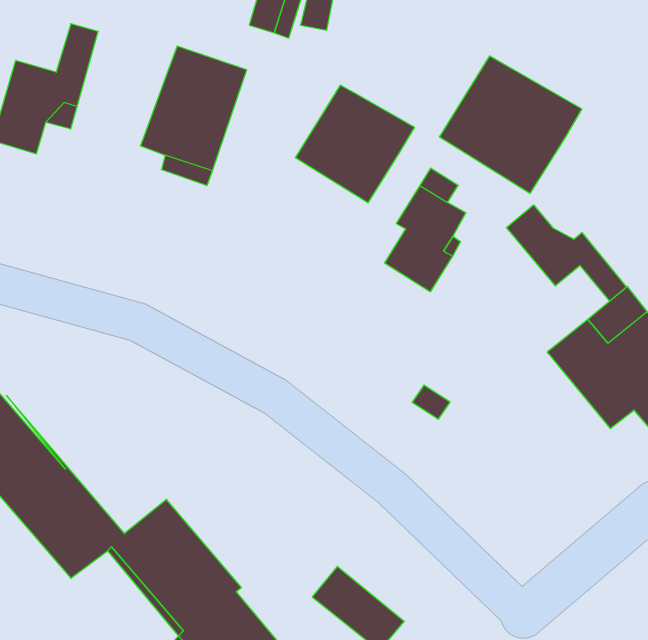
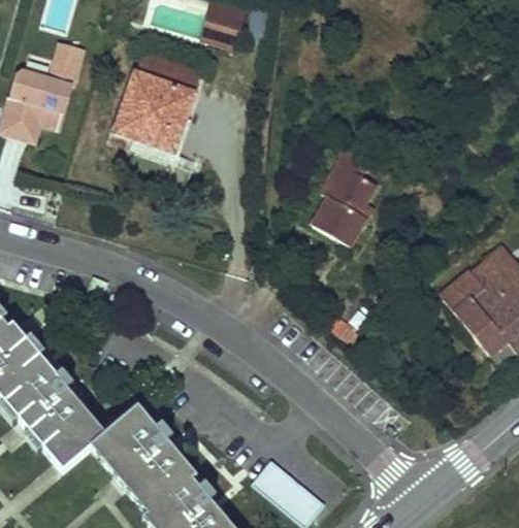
building: [440,56,582,193] -> none
building: [295,85,414,203] -> none
building: [507,205,626,301] -> none

